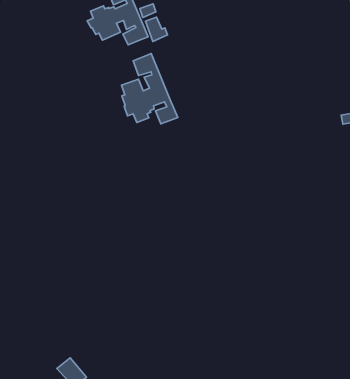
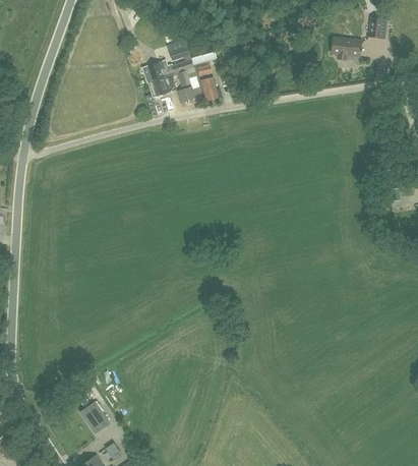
building: [122,53,178,124] -> none

